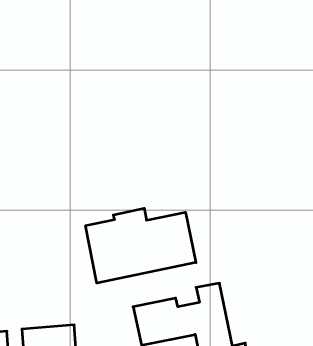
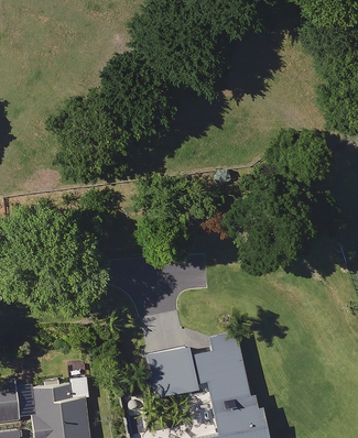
building: [86,208,196,283] -> none

